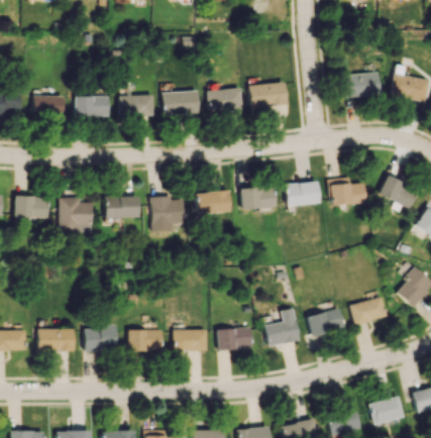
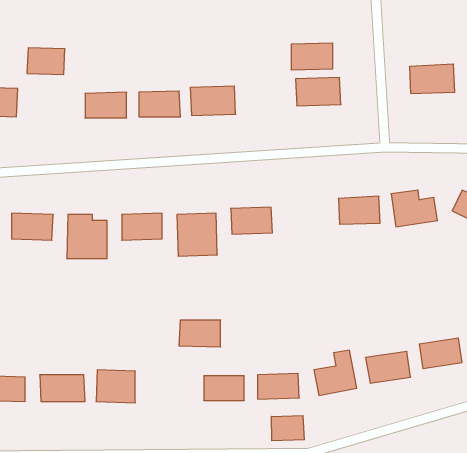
building: [208,89,242,111] -> [291,43,333,70]
building: [33,95,65,117] -> [27,48,65,75]
building: [240,187,276,209] -> none
building: [128,330,163,352] -> [179,320,221,347]
building: none -> [271,416,304,441]

